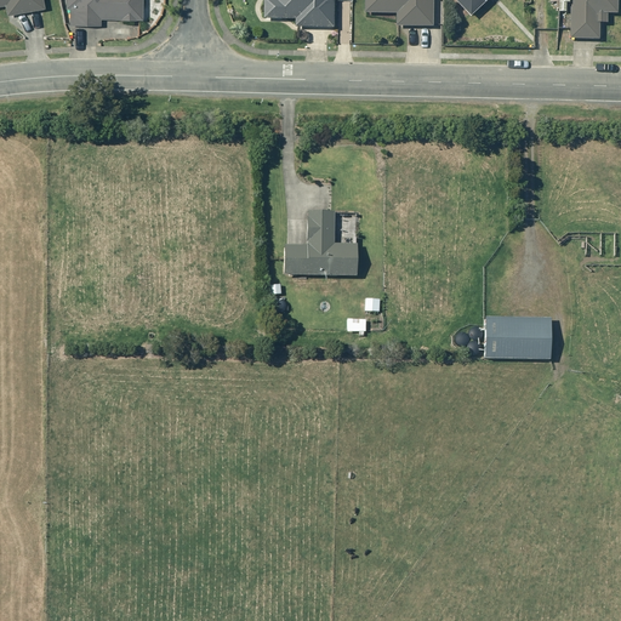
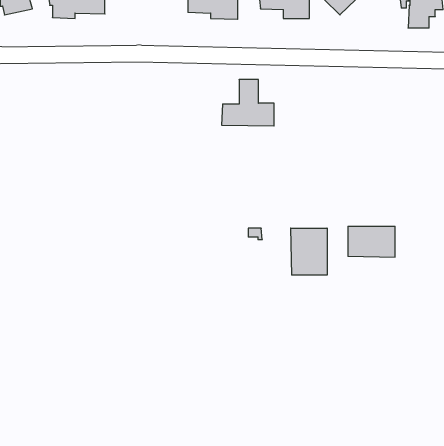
building: [284,209,357,273] -> [222,80,274,126]
building: none -> [291,228,327,275]

